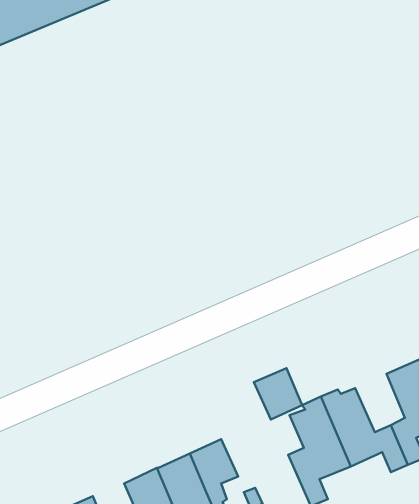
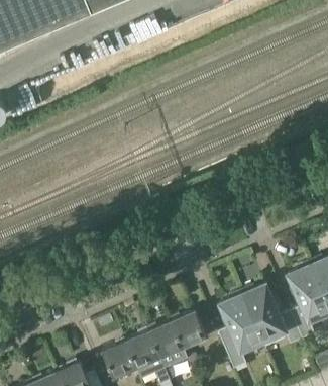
building: [254,368,302,419] -> [171,309,205,346]

